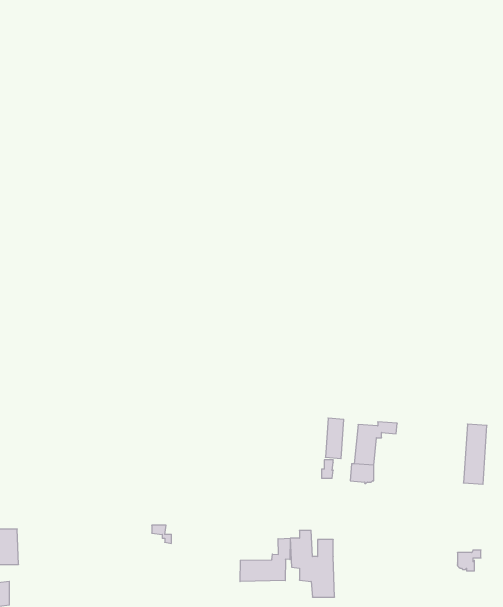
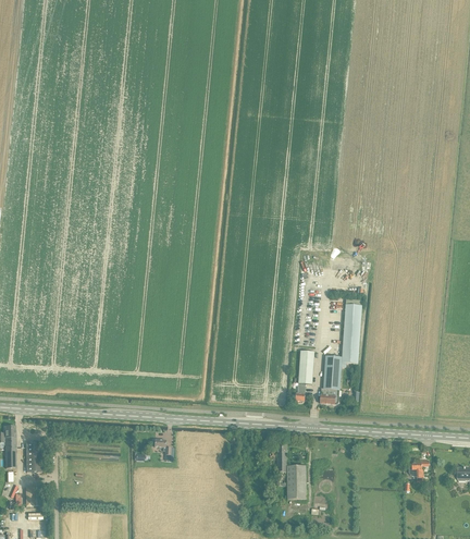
building: [463,424,487,484] -> [342,304,361,354]
building: [240,538,290,582] -> none

